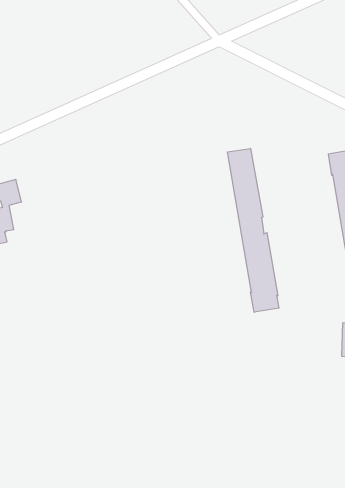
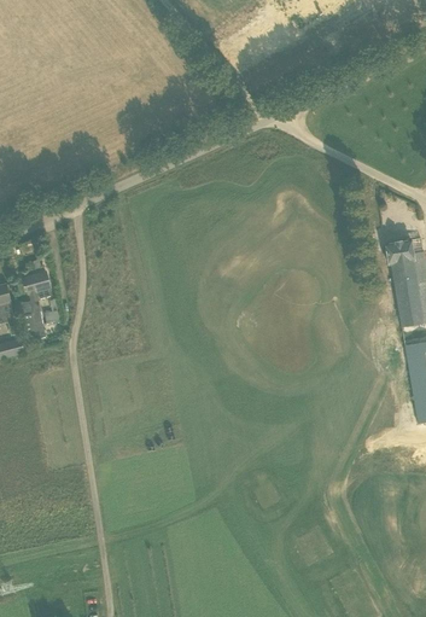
building: [228,148,279,312] -> none

